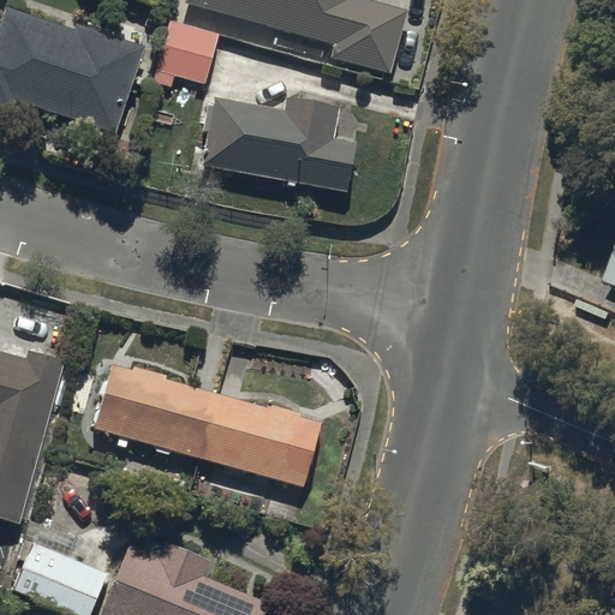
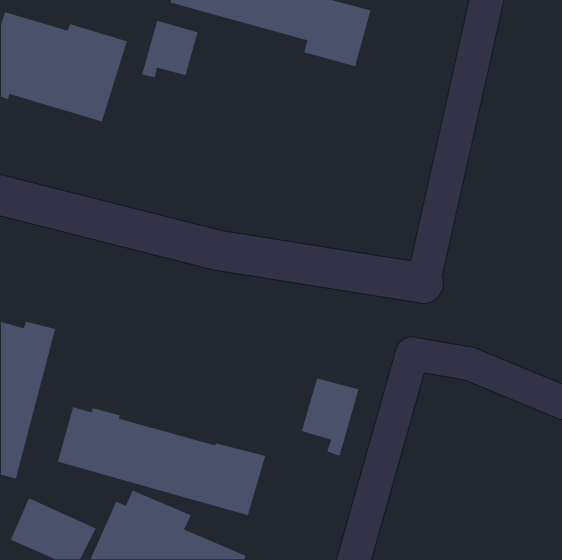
building: [202,98,353,187] -> none
building: [94,366,322,486] -> [57,406,266,516]
building: none -> [301,377,359,457]

